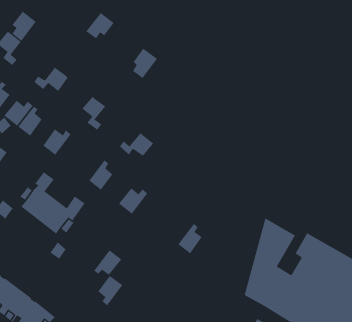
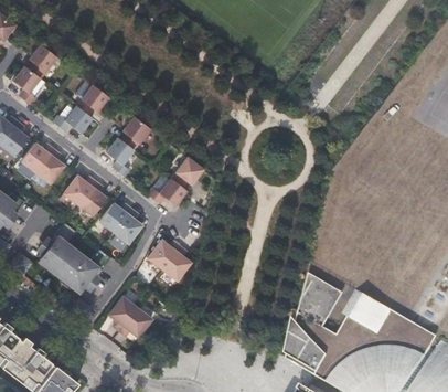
building: [85,12,114,39] -> [76,85,108,115]
building: [132,48,158,79] -> [121,116,150,150]
building: none -> [171,157,203,188]
building: none -> [77,181,106,215]
building: none -> [98,202,131,232]
building: [177,223,202,254] -> [162,246,190,280]
building: [97,275,123,306] -> [108,297,137,331]

